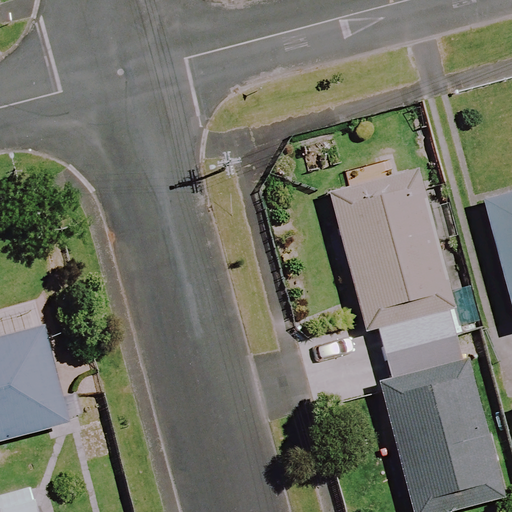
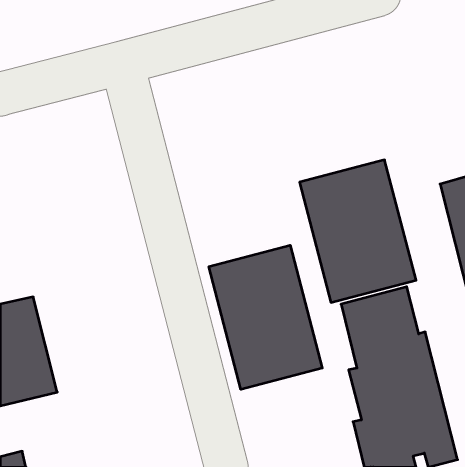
building: none -> [209,245,322,389]

